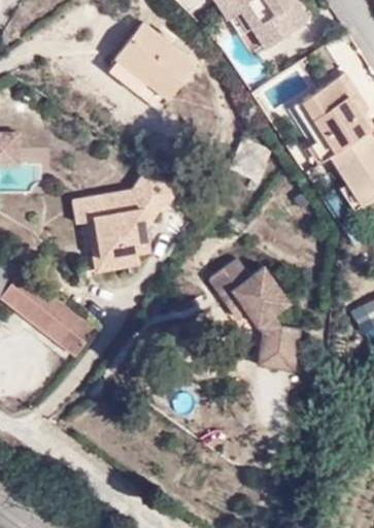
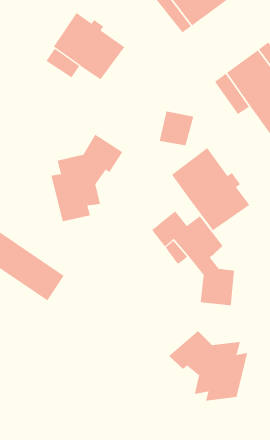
building: none -> [171,147,250,231]
building: [72,194,105,265] -> none
building: none -> [168,330,248,402]

